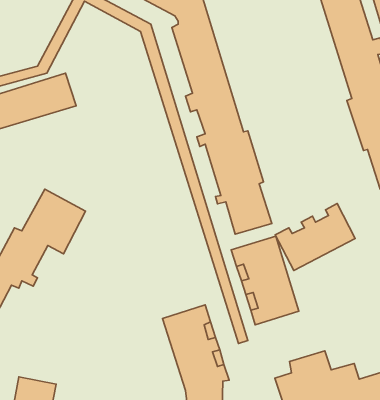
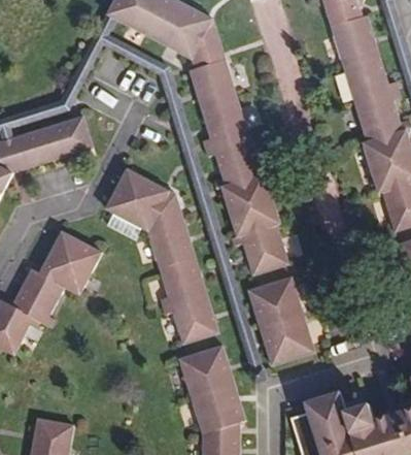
building: none -> [106,169,217,344]
building: [275,204,355,270] -> none

